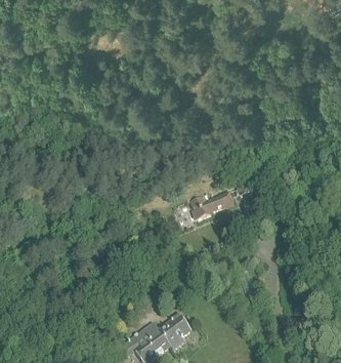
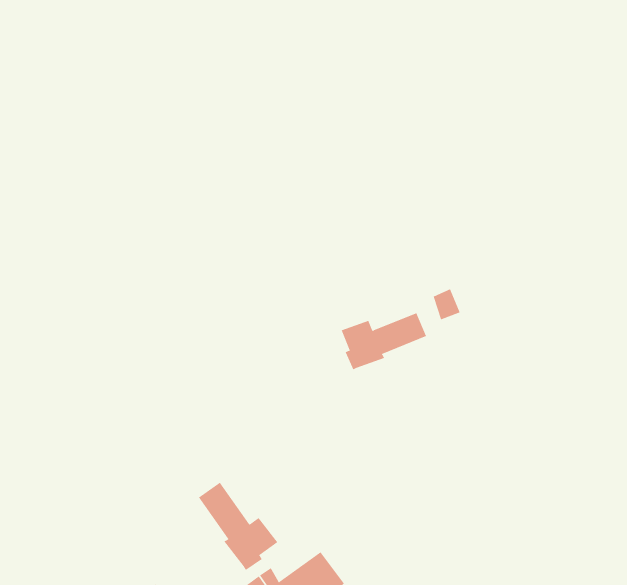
building: none -> [198,482,278,571]

